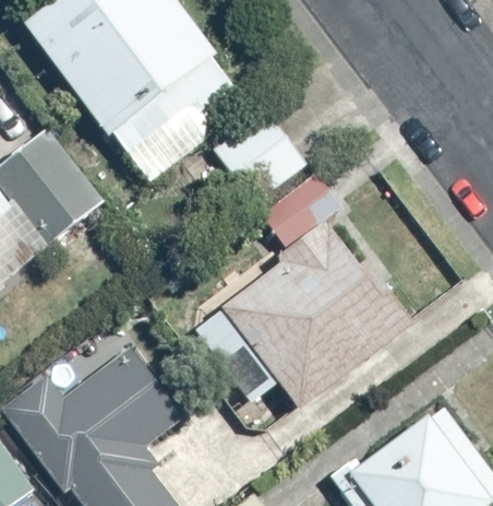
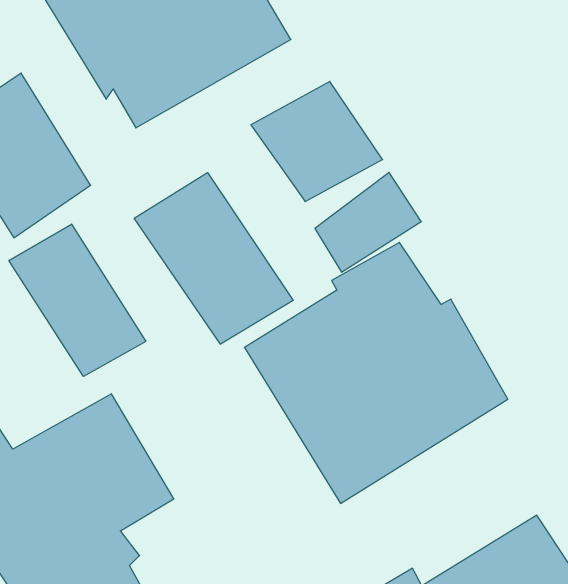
building: none -> [134,173,293,344]
building: none -> [9,224,146,376]

